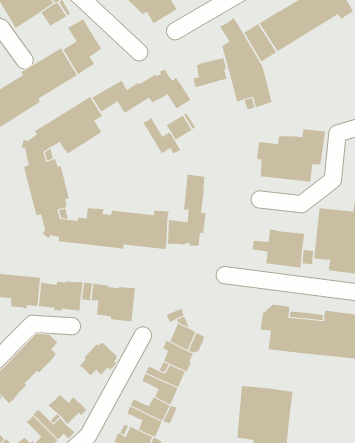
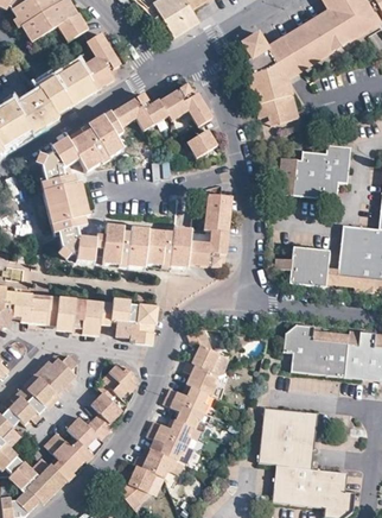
building: [193,57,227,88] -> none
building: [143,117,181,154] -> none
building: none -> [91,391,121,432]

